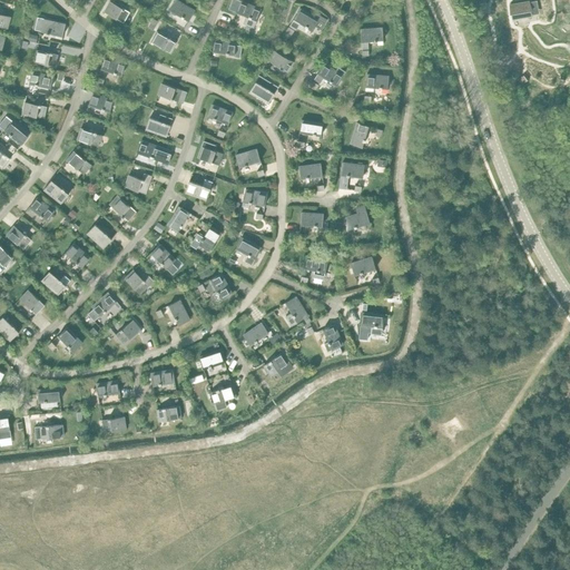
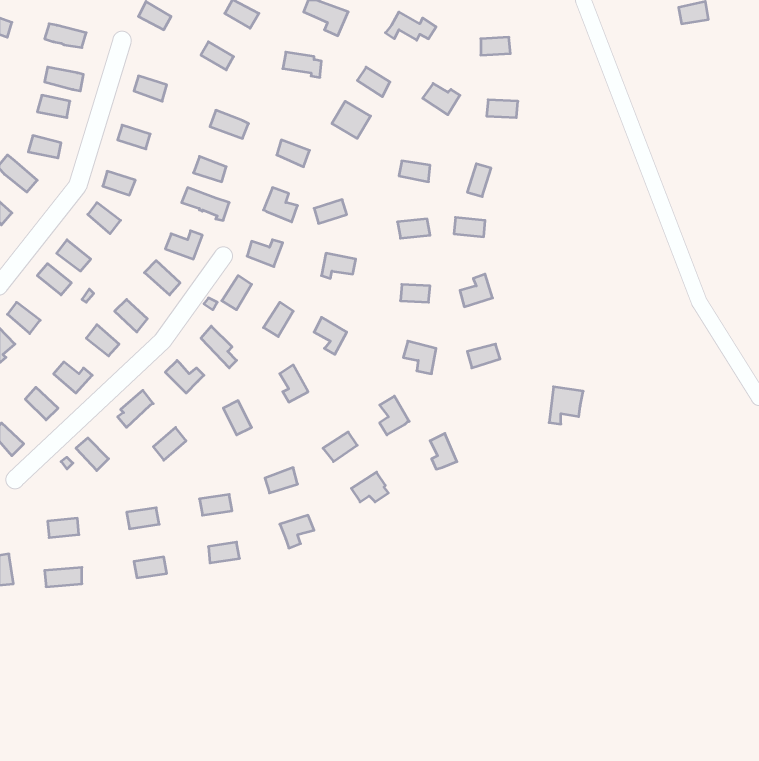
building: [357,312,383,340] -> [549,387,583,424]

